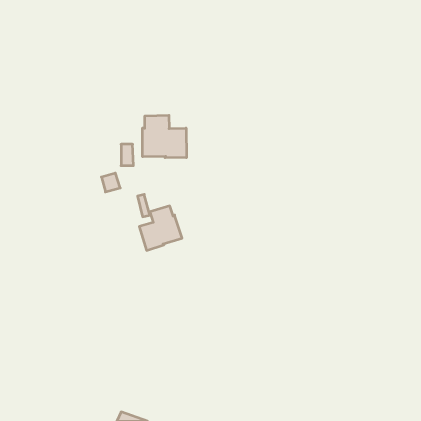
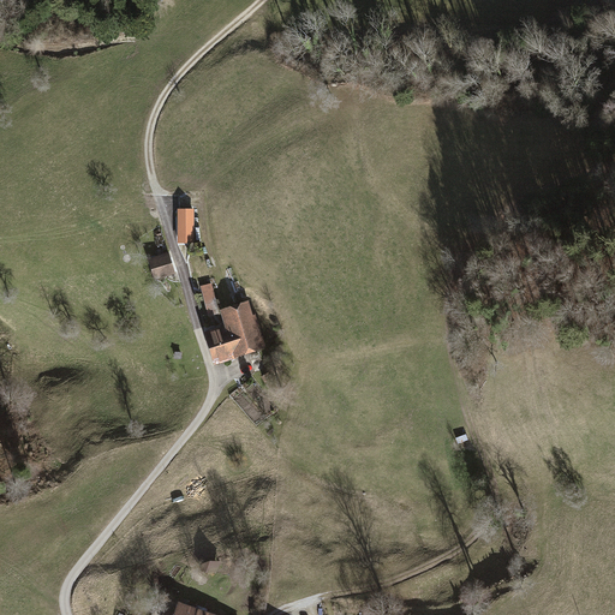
building: [143,115,186,158] -> none

